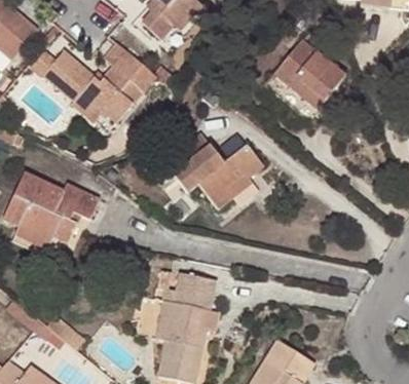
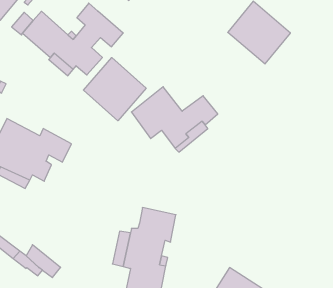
building: none -> [83,58,146,121]

